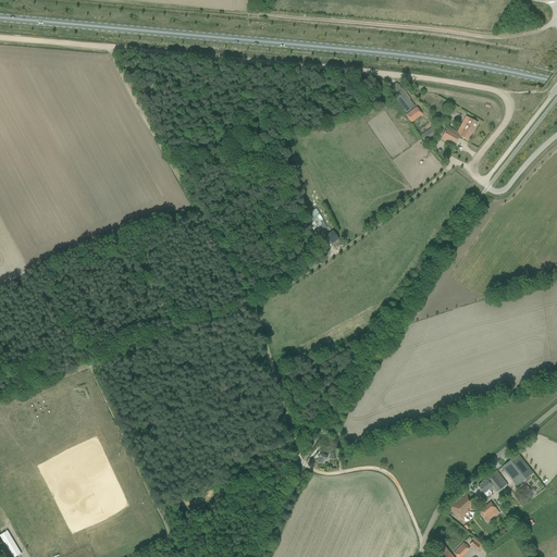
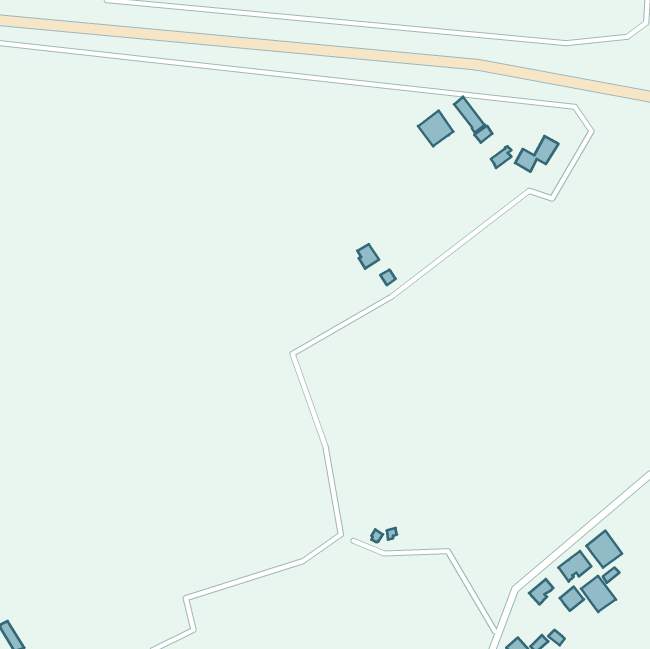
building: none -> [418,111,453,146]
building: none -> [581,576,616,612]

